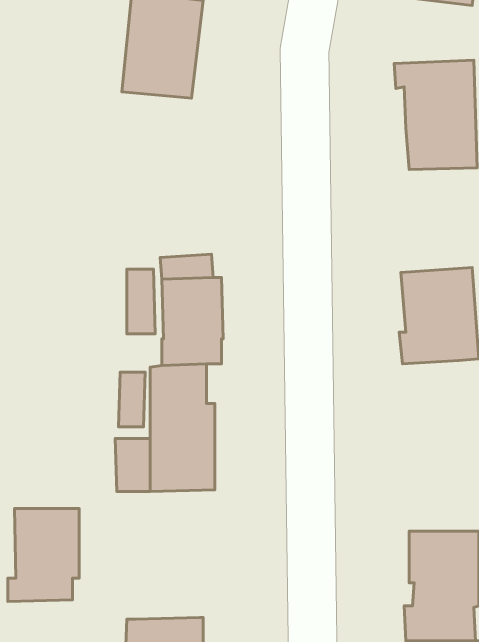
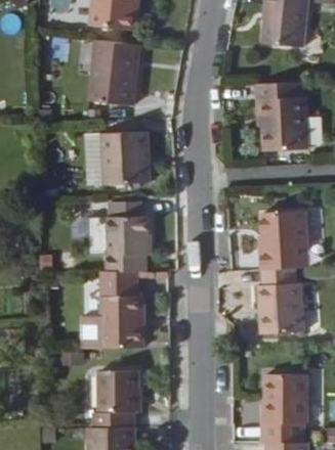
building: none -> [103,134,149,186]
building: none -> [256,268,302,334]
building: [8,509,79,602] -> [94,370,138,428]

